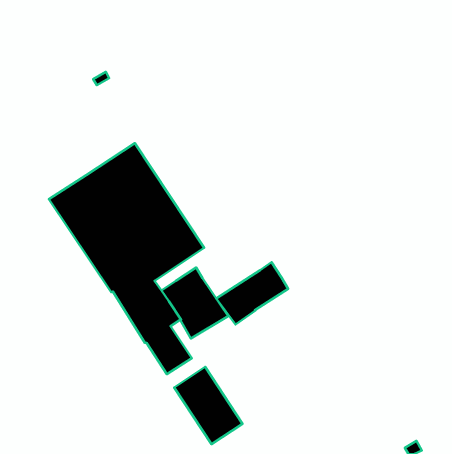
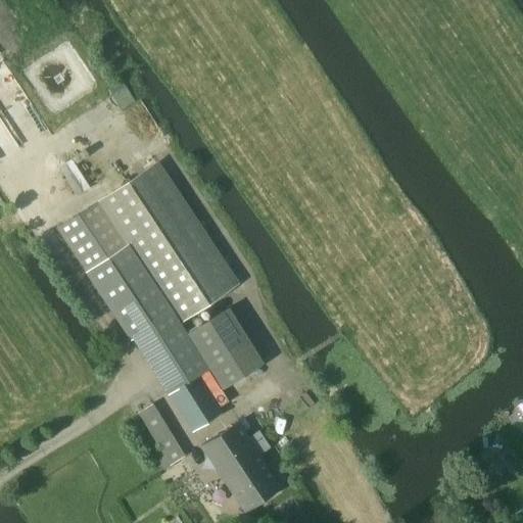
building: [216,262,288,325] -> none
building: none -> [138,402,186,465]

